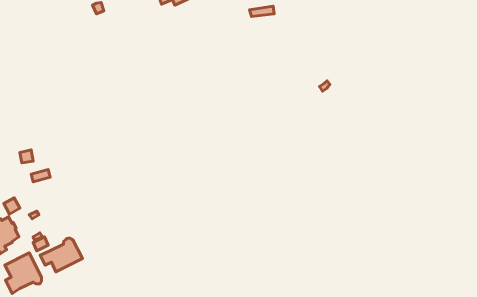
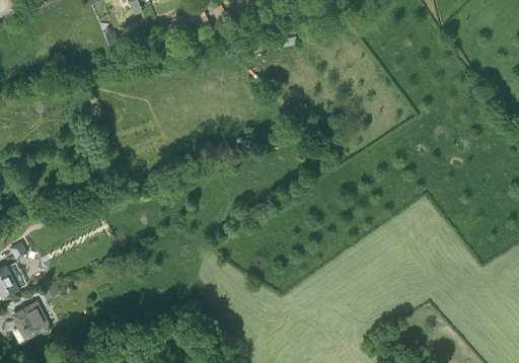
building: [40,238,82,272] -> none

